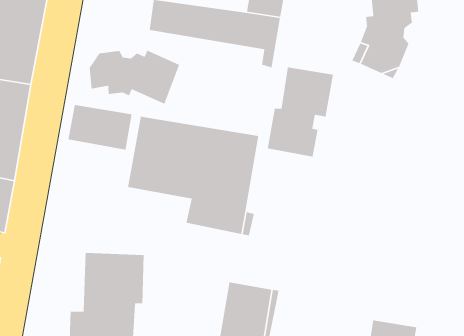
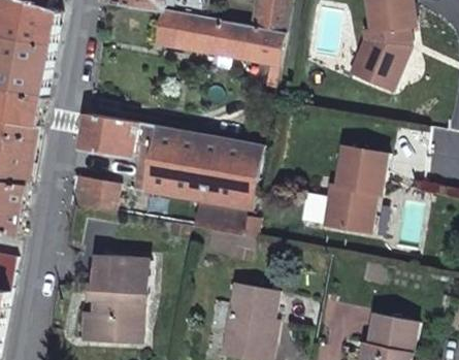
building: [89,49,180,105] -> none
building: [267,67,334,158] -> [322,145,386,232]
building: none -> [68,175,118,212]

